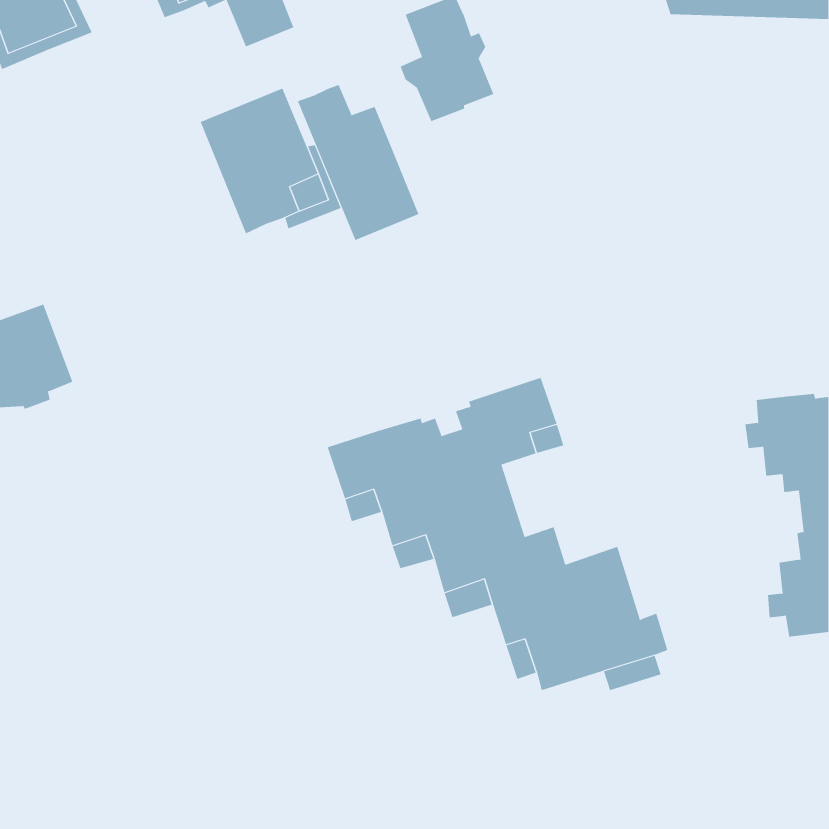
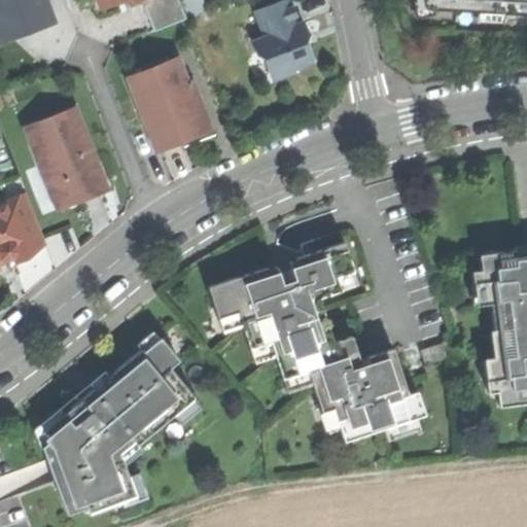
building: [297,84,419,241] -> none
building: none -> [26,106,101,206]
building: none -> [42,337,194,514]

